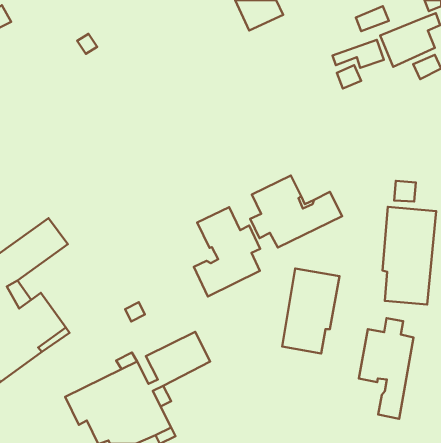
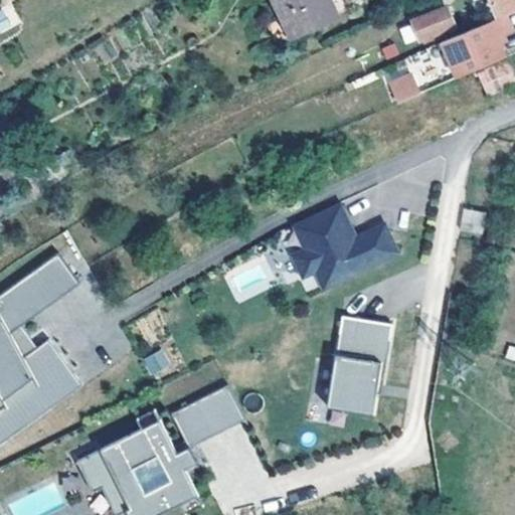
building: [383,207,436,305] -> none
building: [194,207,260,296] -> none
building: [359,318,414,419] -> none

